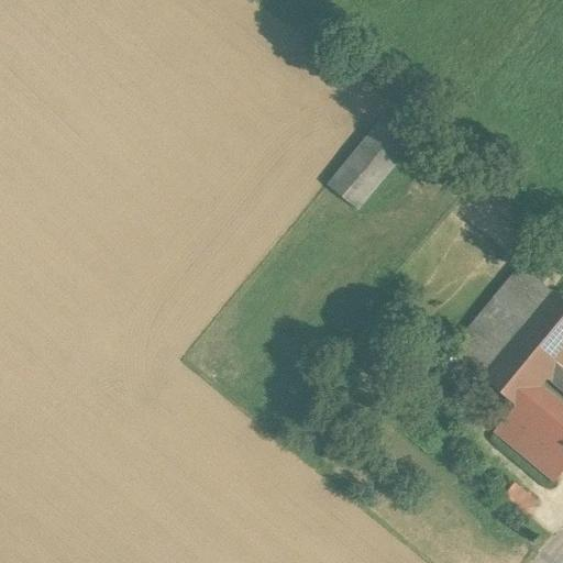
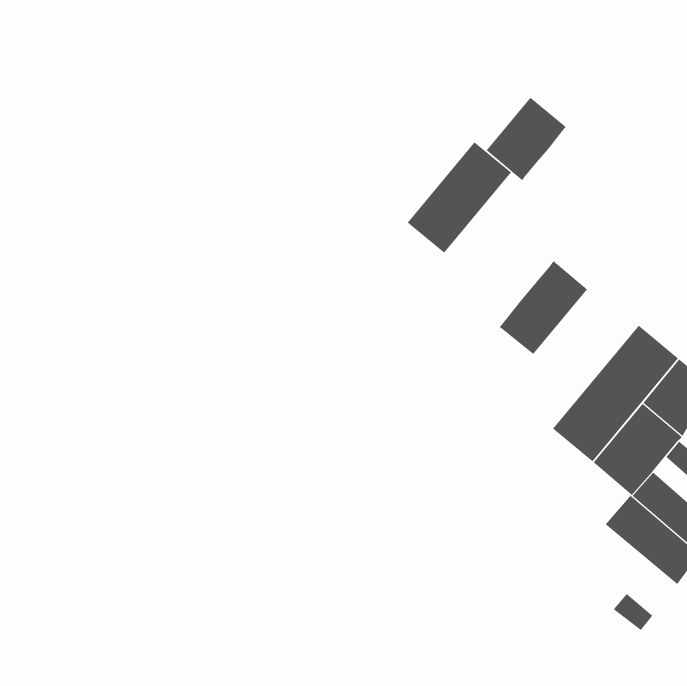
building: none -> [486,97,567,181]
building: none -> [499,260,588,355]

